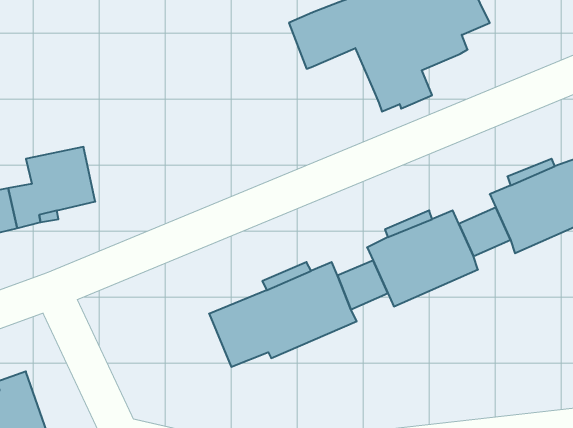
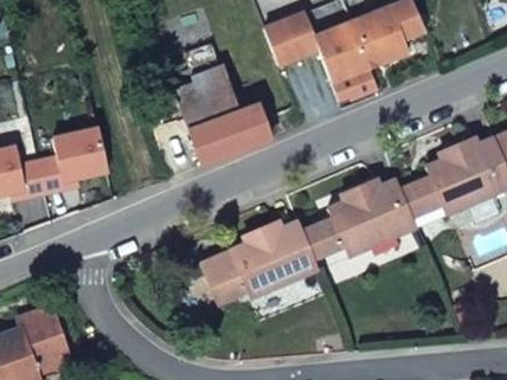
building: none -> [175,41,269,166]

